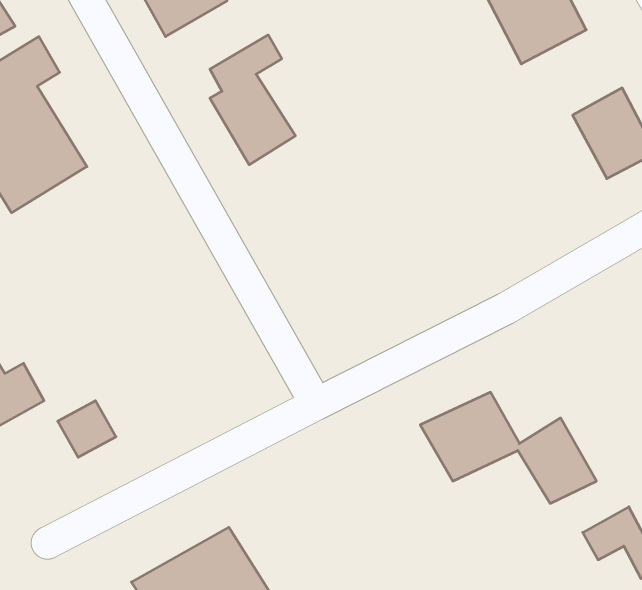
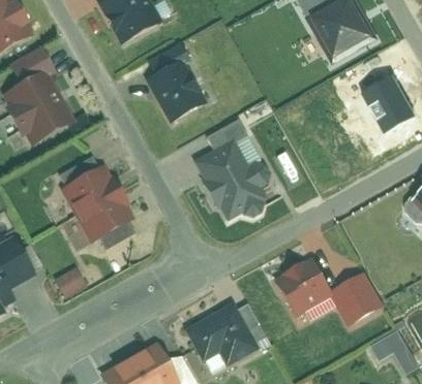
building: none -> [195,119,268,220]
building: none -> [59,156,134,247]
building: none -> [186,303,257,361]

